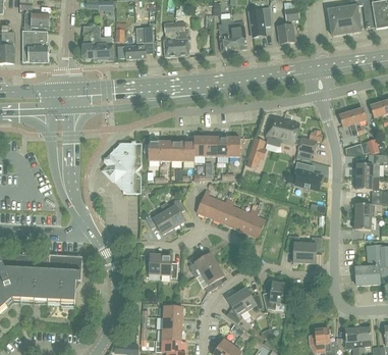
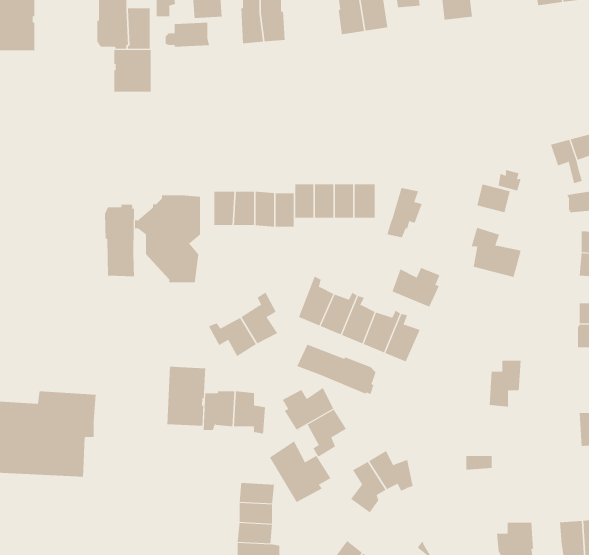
building: none -> [114,49,151,92]
building: [266,115,299,145] -> none
building: none -> [104,204,134,277]
building: none -> [392,267,440,307]
building: none -> [297,344,376,395]
building: [287,236,306,262] -> none
building: none -> [167,366,206,427]
building: [263,282,284,309] -> none
building: none -> [269,440,331,503]

